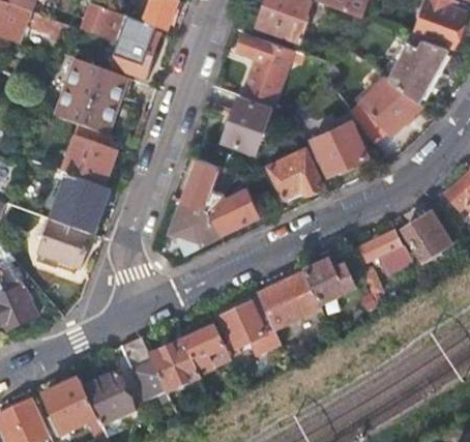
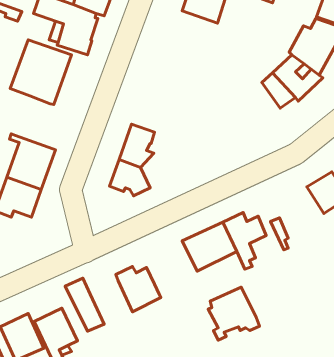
building: [237,30,293,95] -> none
building: [224,94,271,149] -> none
building: [312,119,366,173] -> none
building: [62,124,117,186] -> none
building: [267,148,322,196] -> none
building: [208,186,260,232] -> none
building: [354,232,409,265] -> none
building: [218,294,278,356] -> [208,287,260,340]
building: [149,341,200,392] -> none

